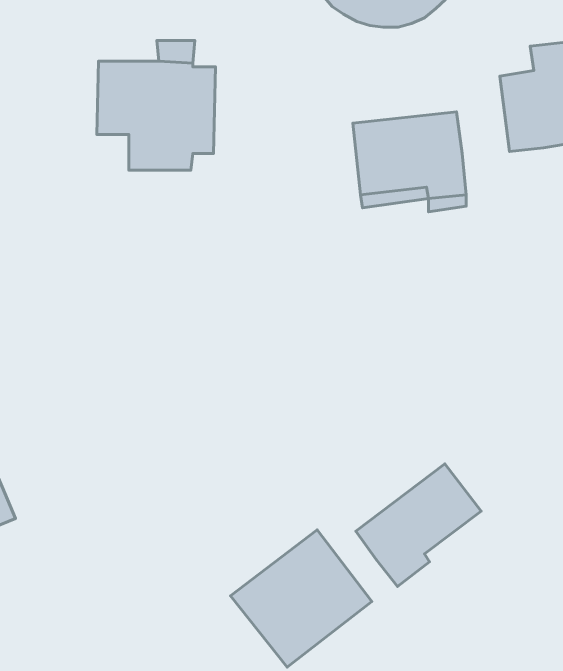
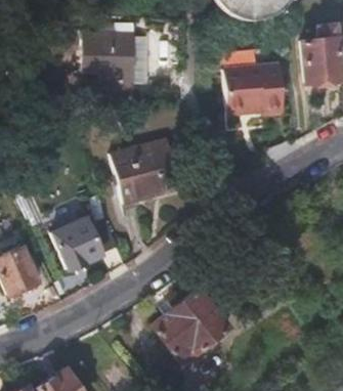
building: none -> [112,139,180,204]
building: none -> [54,216,123,268]
building: [356,464,481,587] -> none

